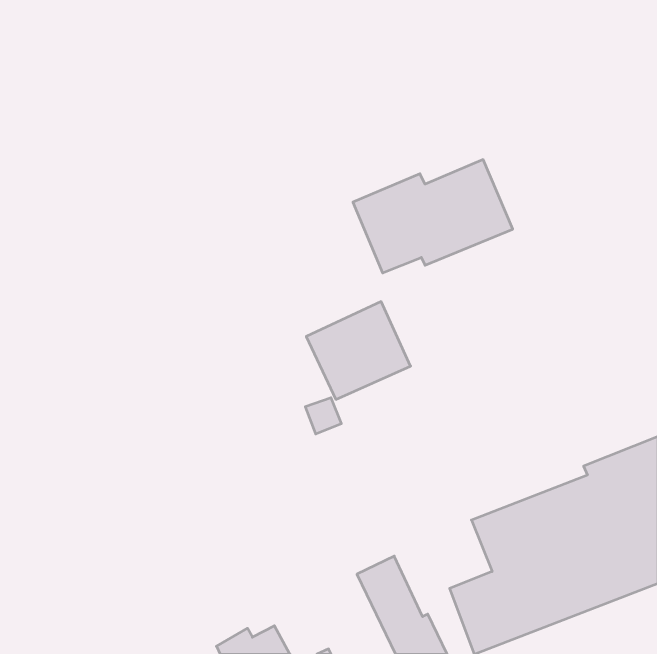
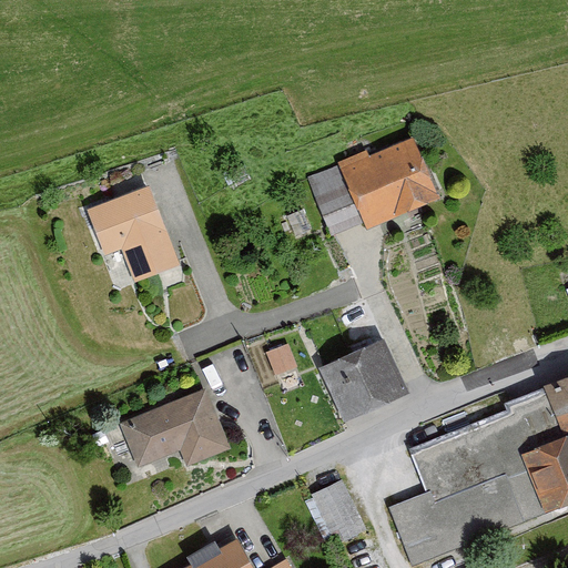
building: none -> [87,185,179,283]
building: [306,302,411,399] -> [318,337,408,422]
building: none -> [120,389,227,467]

